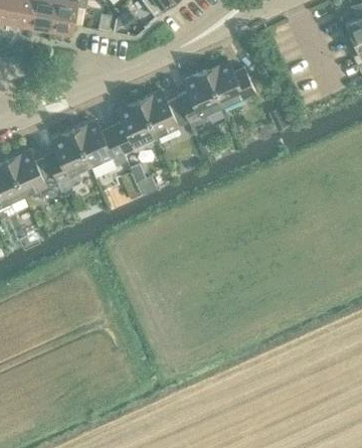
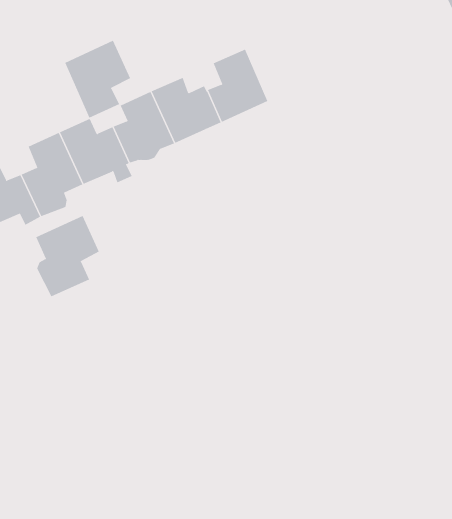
building: [206,62,255,109] -> none
building: none -> [64,40,131,119]
building: none -> [35,215,100,297]

